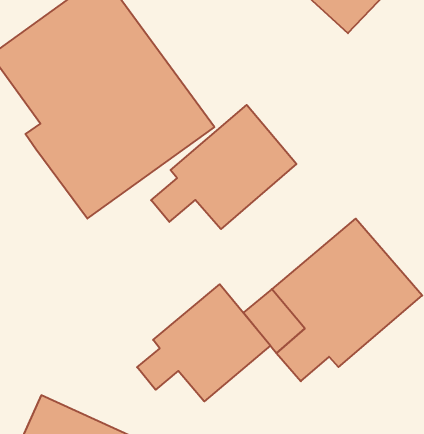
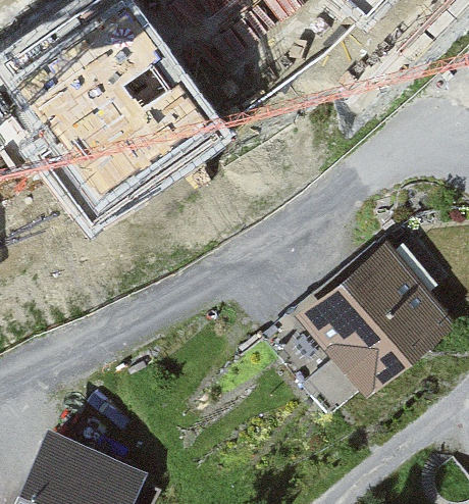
building: [151,105,296,229] -> none
building: [137,284,270,401] -> none

